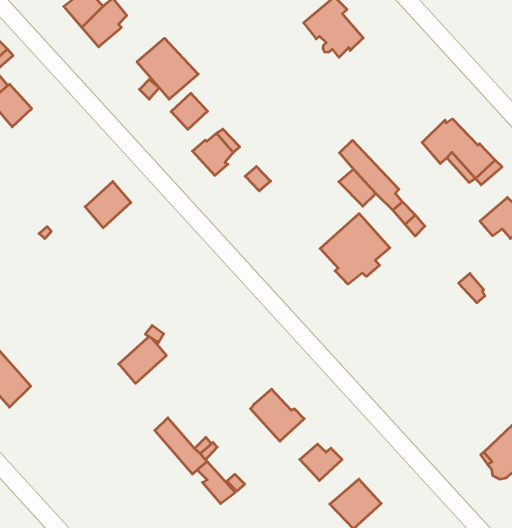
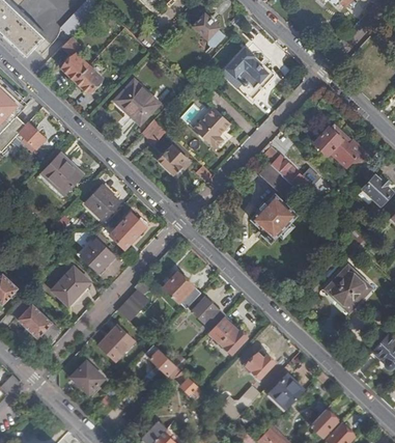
building: none -> [195,112,231,151]
building: none -> [39,153,82,196]
building: none -> [110,213,145,249]
building: none -> [80,239,113,271]
building: none -> [51,266,89,304]
building: none -> [163,272,201,310]
building: none -> [326,269,368,310]
building: none -> [193,298,225,330]
building: none -> [98,326,134,360]
building: none -> [70,360,104,393]

